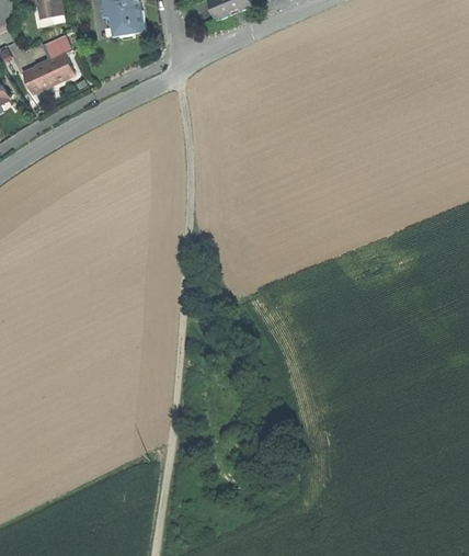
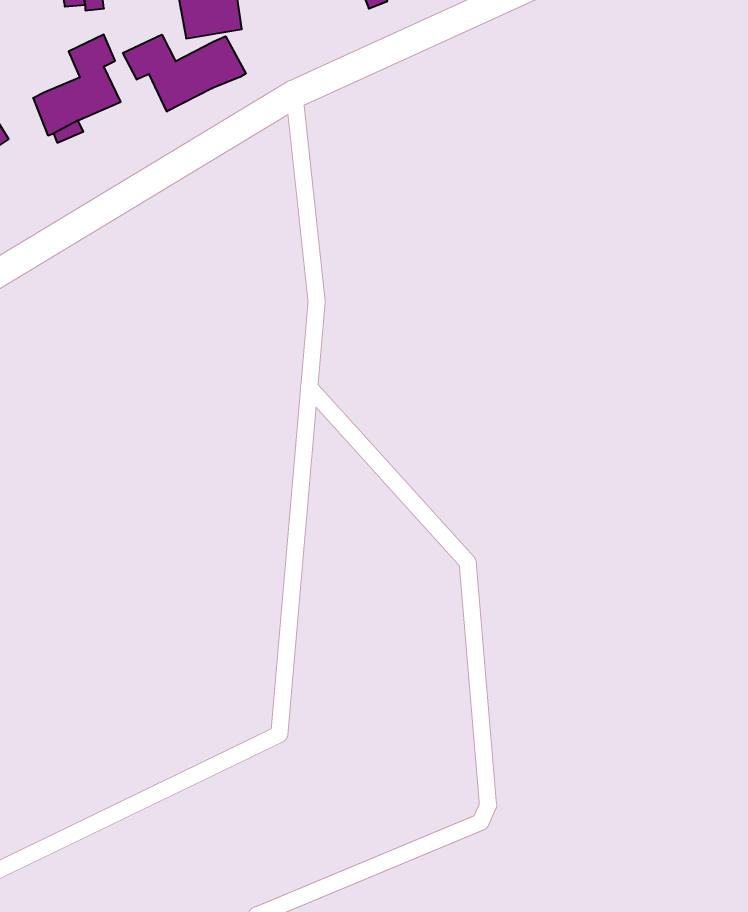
building: none -> [123,35,246,112]

